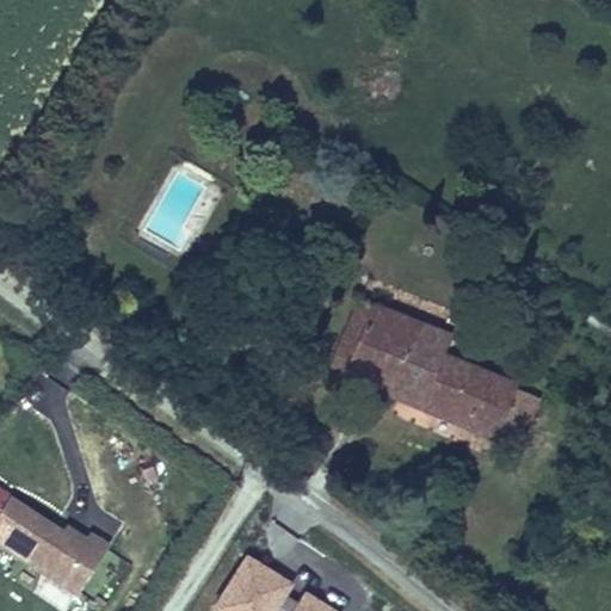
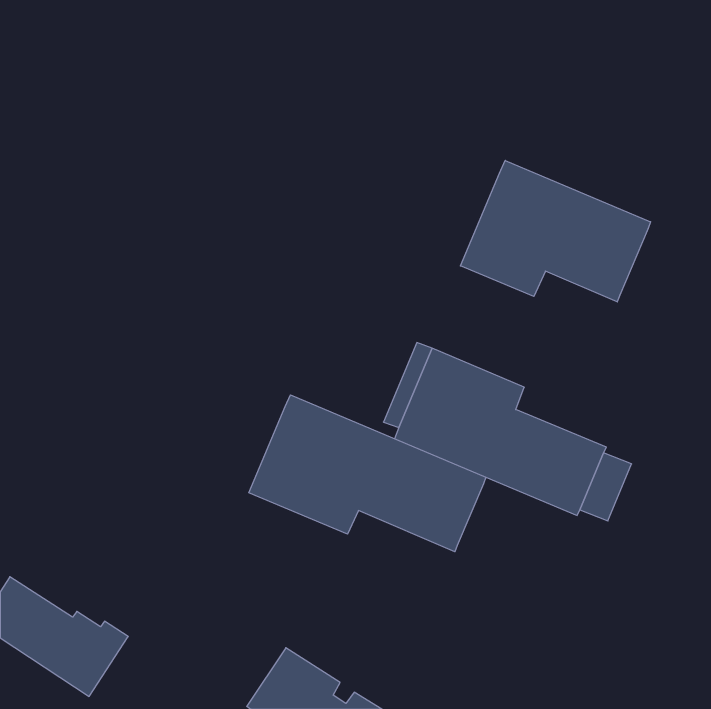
building: none -> [460,160,651,302]
building: none -> [249,395,486,552]

